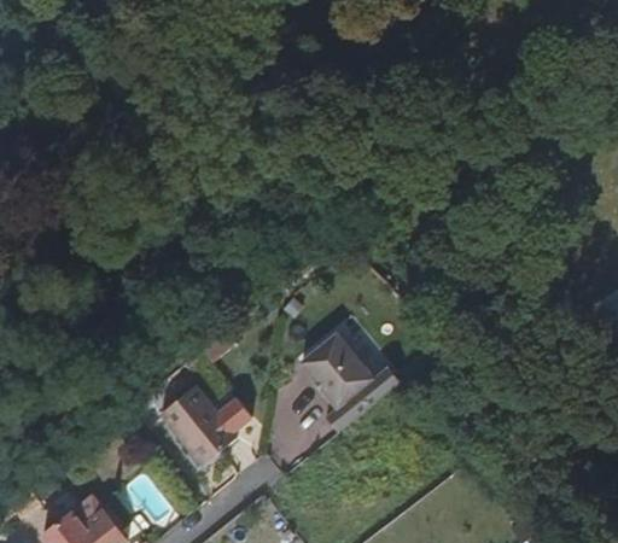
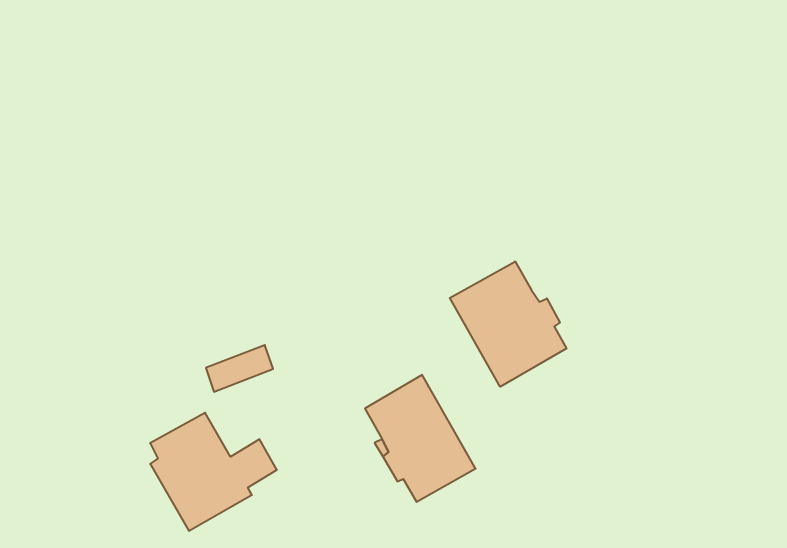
building: none -> [450,261,566,387]

